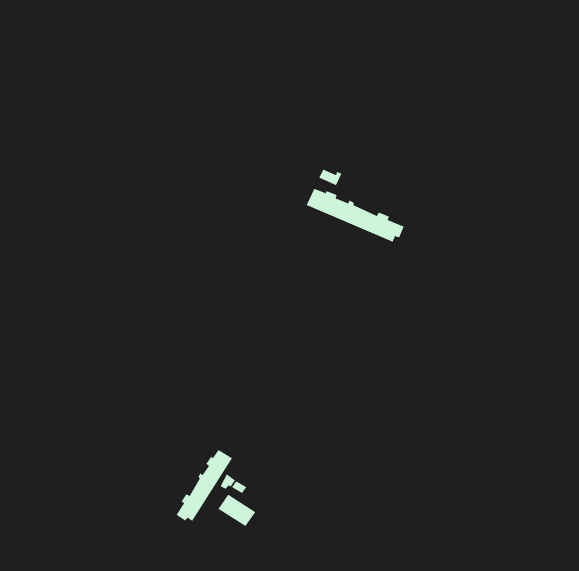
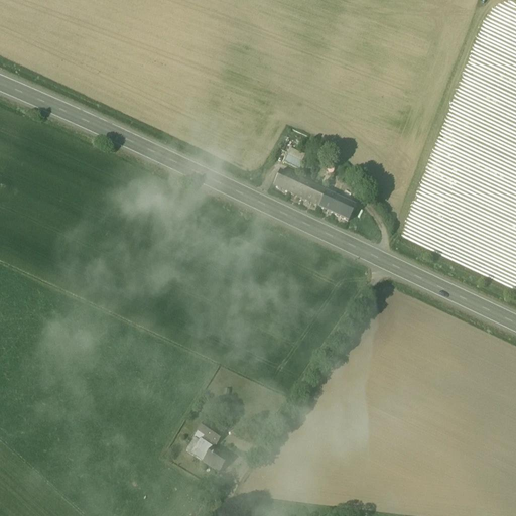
building: [176,449,233,522] -> none

